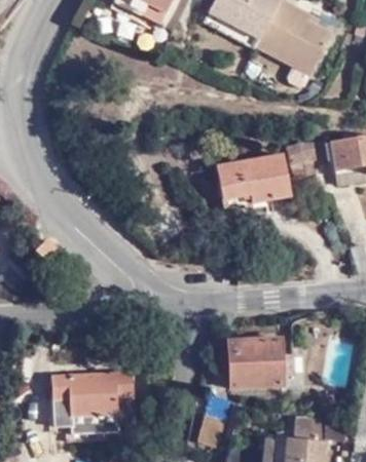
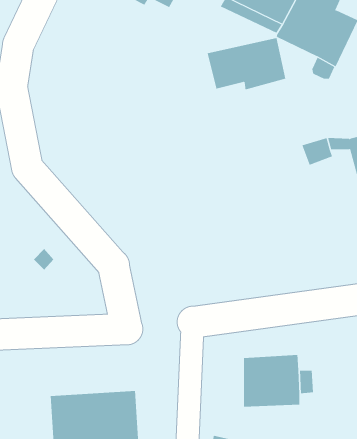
building: [217,153,290,201] -> [207,38,286,90]

